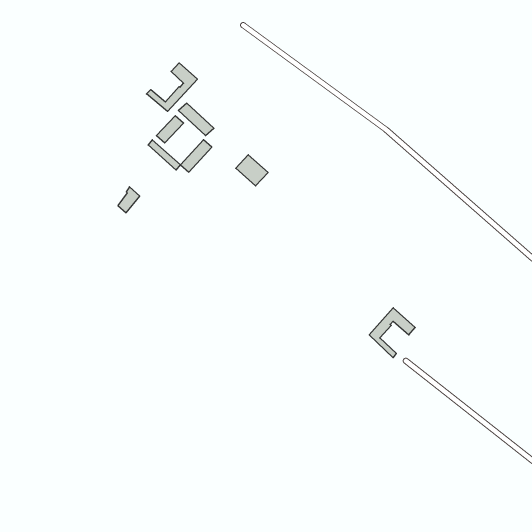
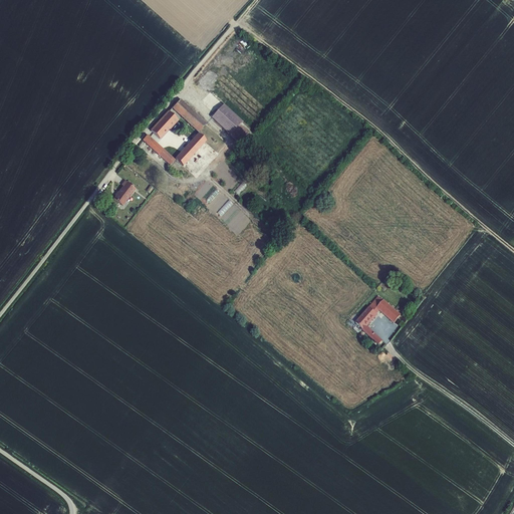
building: [146,63,197,111] -> none
building: [236,155,268,186] -> [213,104,244,135]

